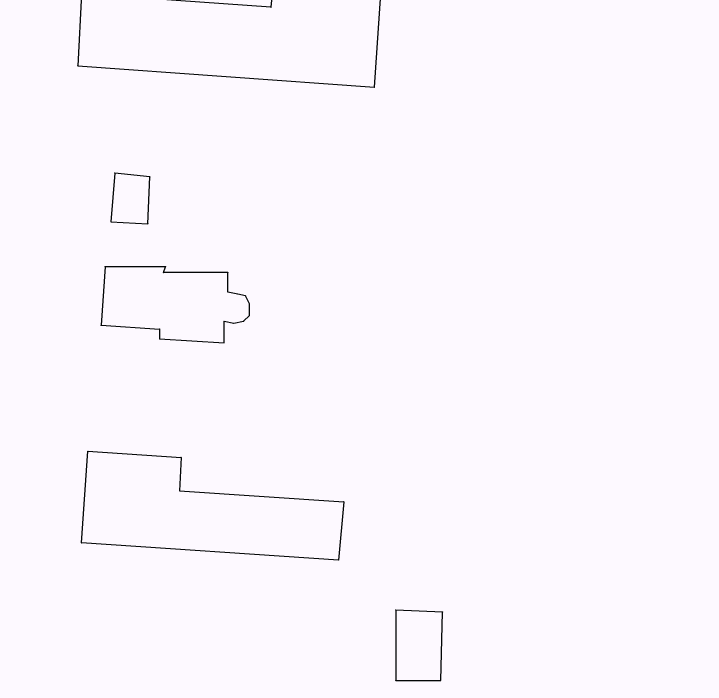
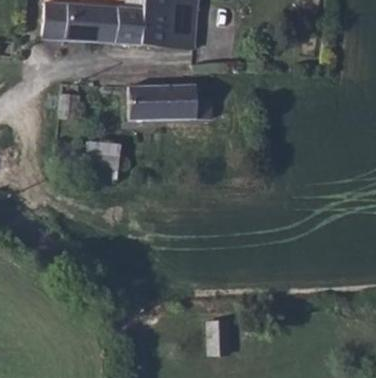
building: none -> [128,83,211,119]
building: [82,451,344,560] -> none

